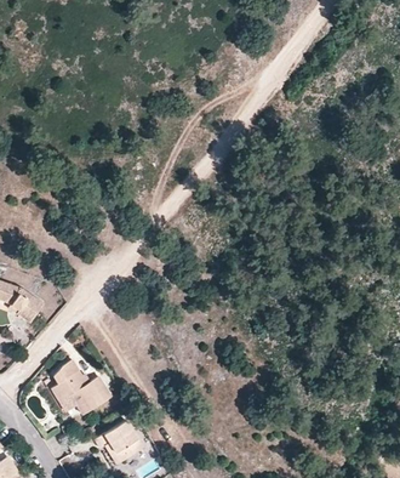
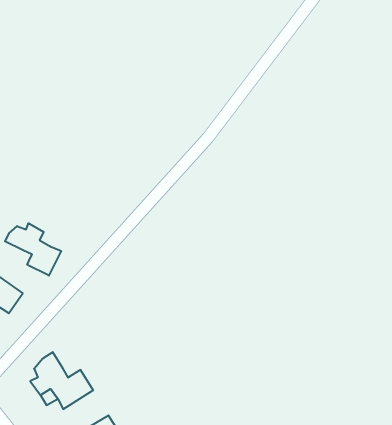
building: none -> [5,223,61,276]

